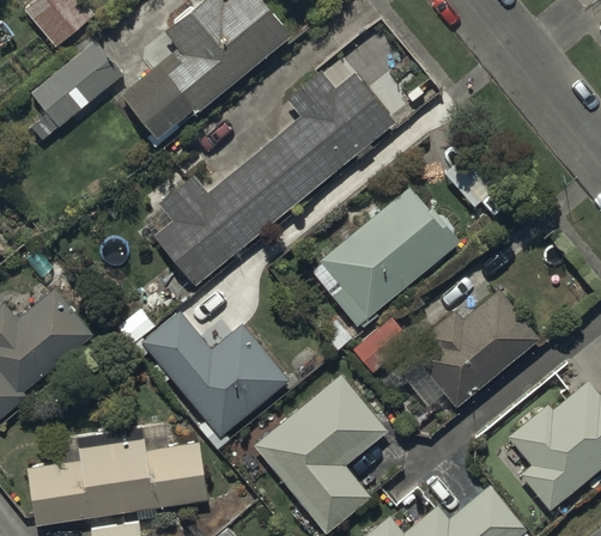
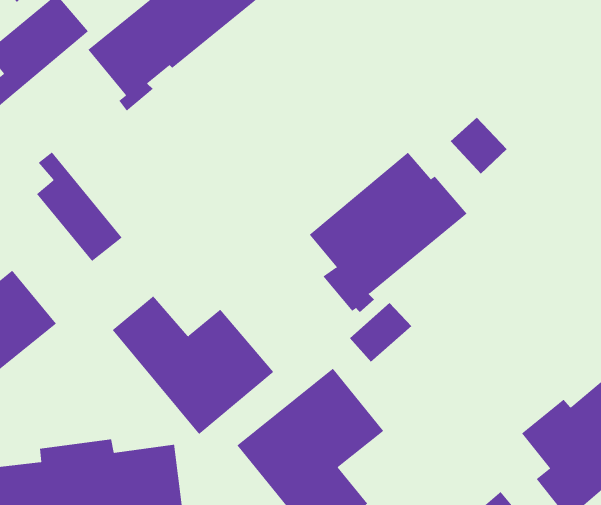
building: [154,72,396,287] -> none
building: none -> [36,151,123,262]
building: [399,287,540,407] -> none

